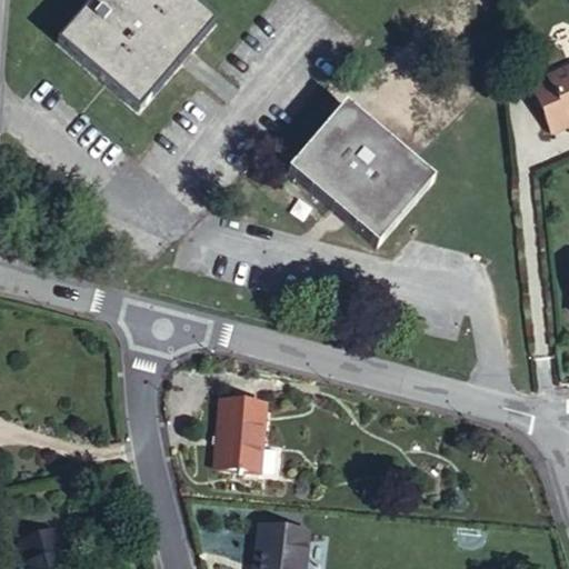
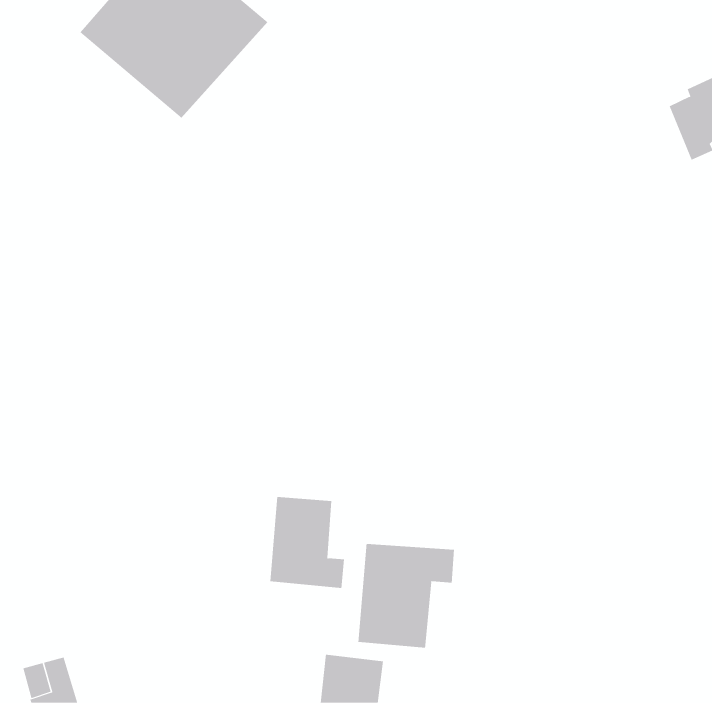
building: [290,100,436,242] -> none
building: none -> [358,543,454,648]

